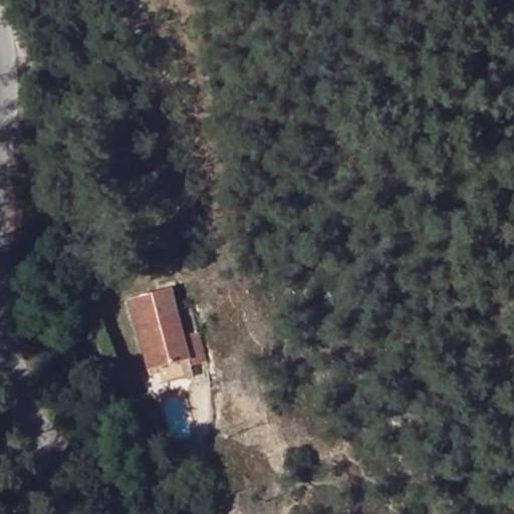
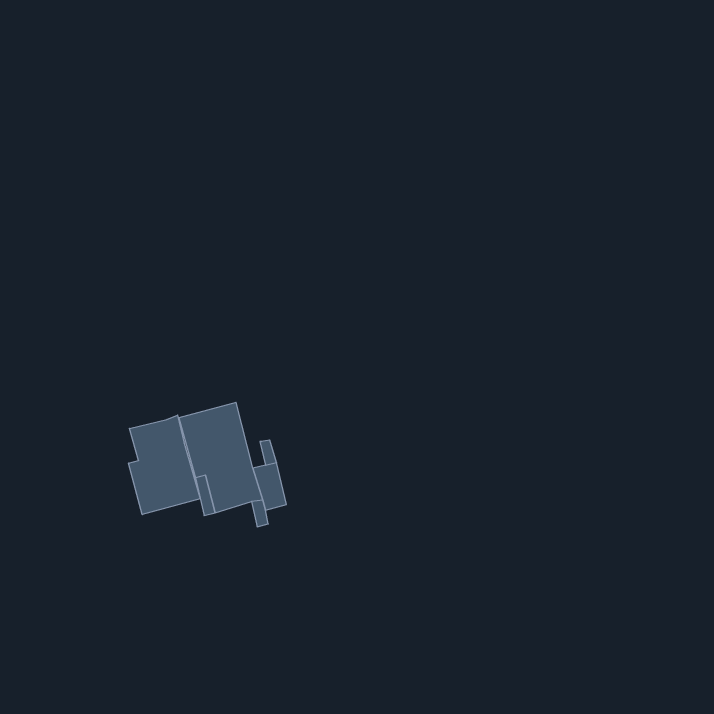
building: none -> [129,415,200,515]

